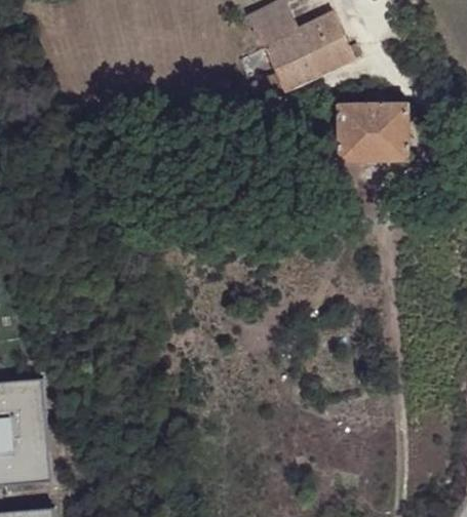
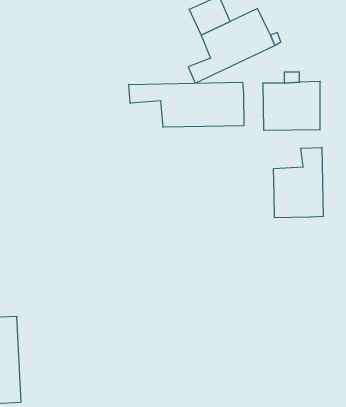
building: none -> [129,82,244,127]
building: none -> [274,147,323,218]

